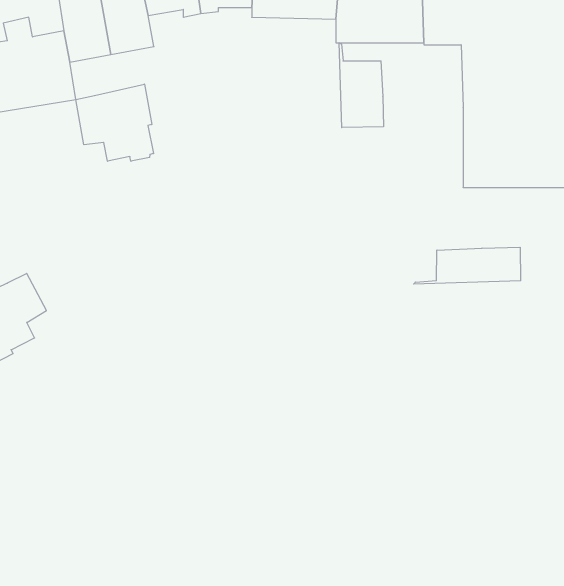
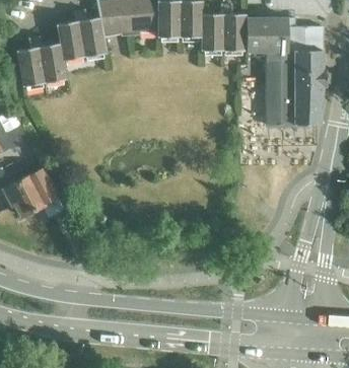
building: [339,43,383,128] -> none
building: [76,84,154,161] -> none
building: [414,247,521,284] -> none

